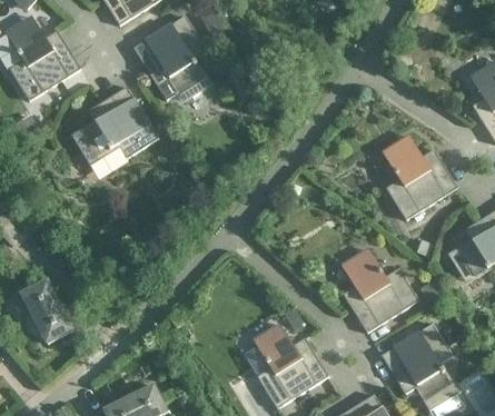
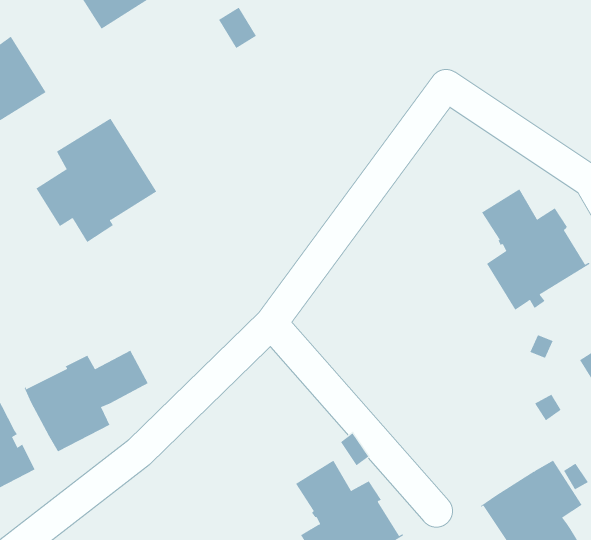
building: [132,14,208,99] -> none
building: none -> [24,350,148,452]
building: [340,248,418,331] -> none

